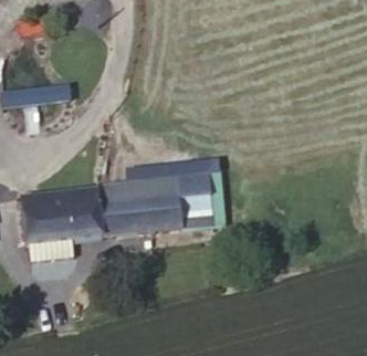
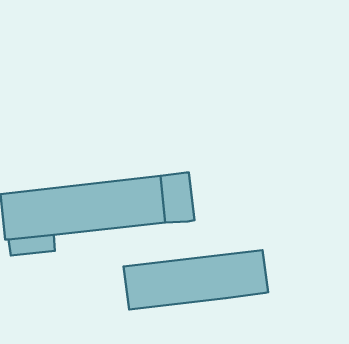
building: none -> [123,250,268,310]

